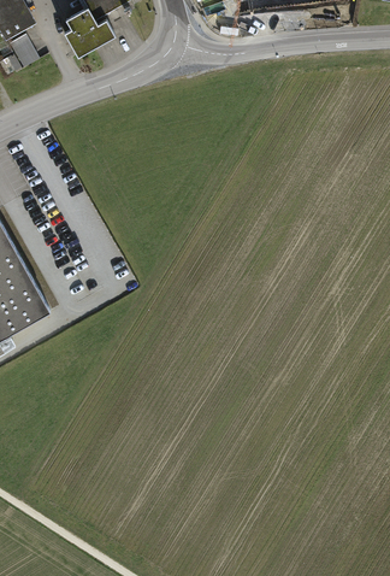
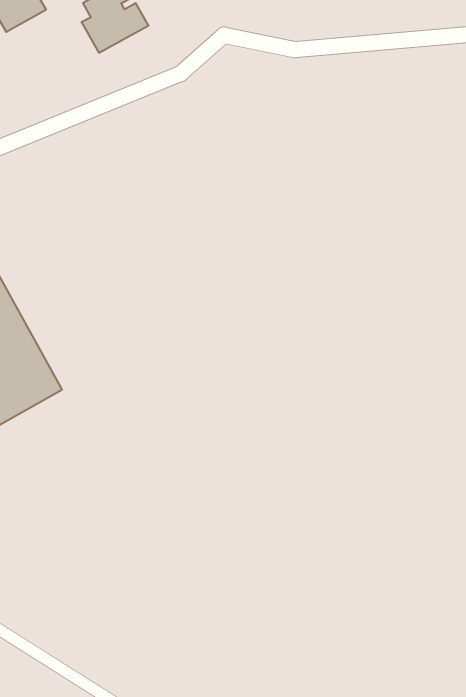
building: [12,31,42,65] -> none

